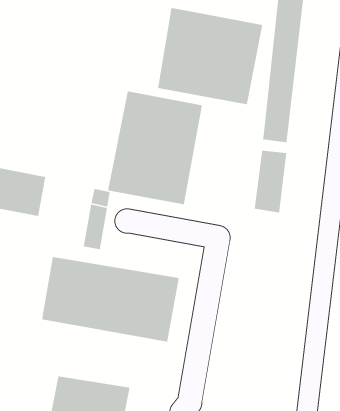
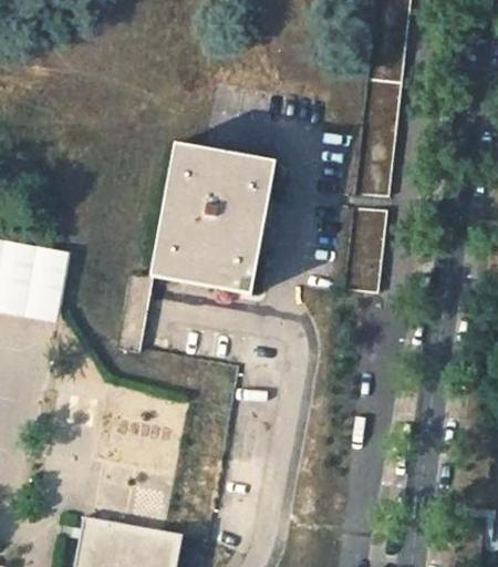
building: [157,7,263,105] -> none
building: [41,256,180,343] -> none

